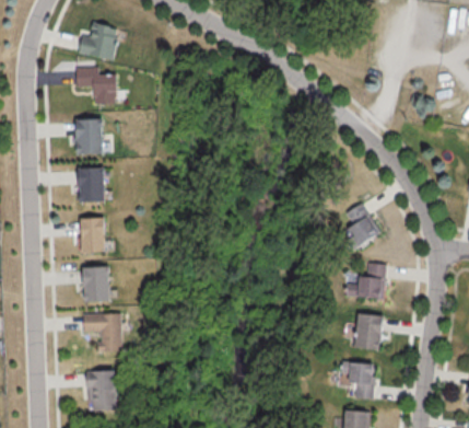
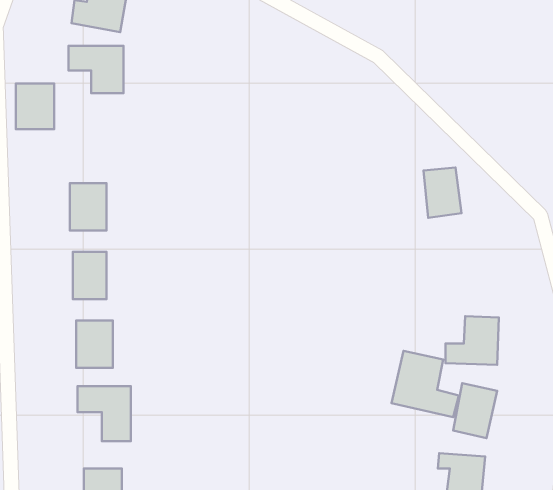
building: [74,119,102,152] -> [16,83,54,129]
building: [347,206,374,242] -> [423,167,462,218]
building: none -> [392,351,459,417]

